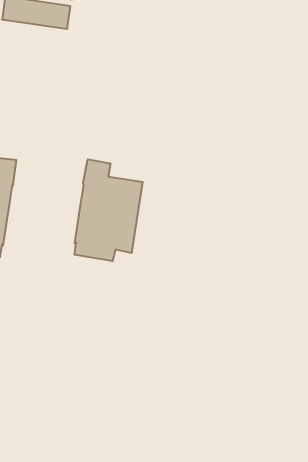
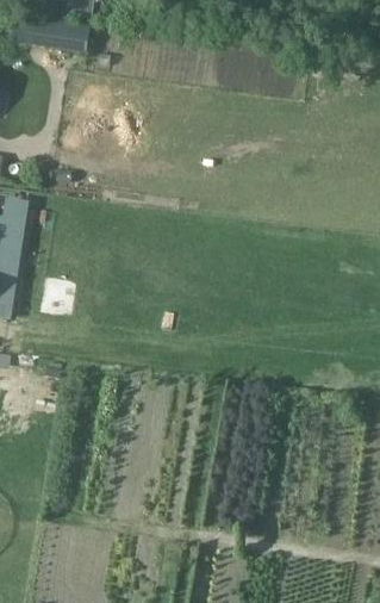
building: [75,159,143,261] -> none

